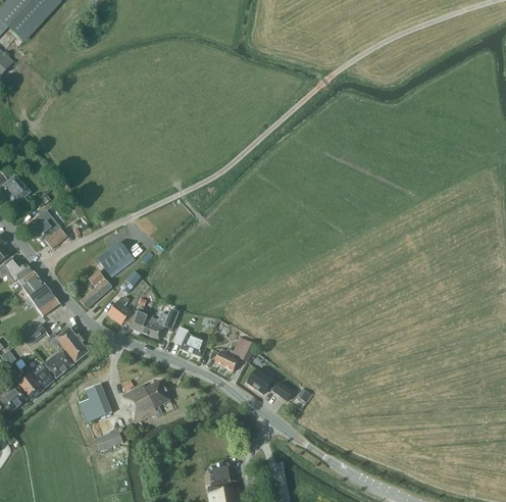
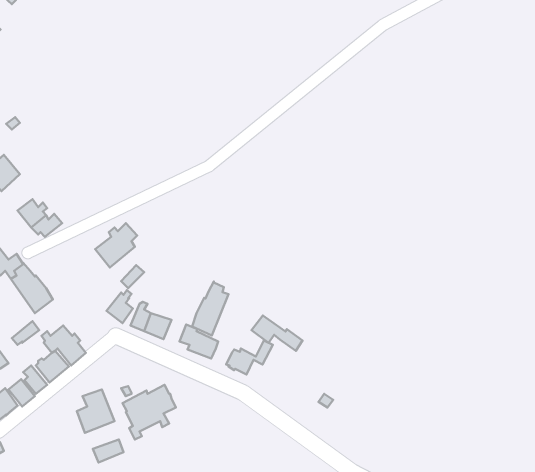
building: [80,270,111,307] -> none
building: none -> [192,281,228,335]
building: [247,368,293,400] -> [251,315,303,351]

